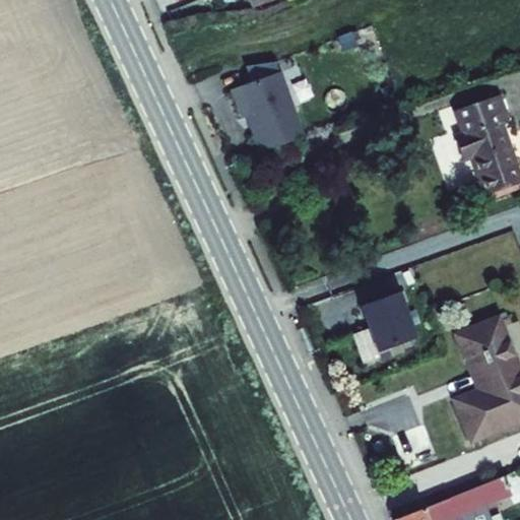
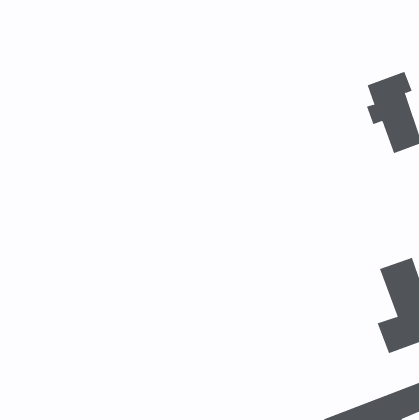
building: [230,71,301,152] -> none
building: [361,292,413,352] -> none

